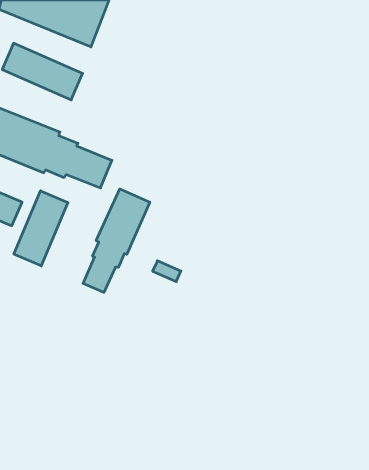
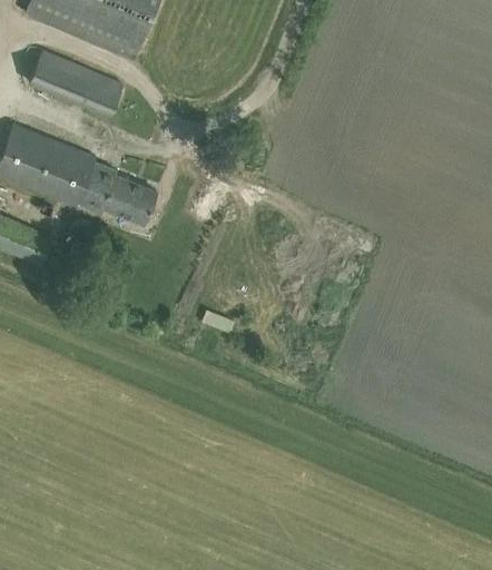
building: [83,189,150,292] -> none
building: [14,191,68,266] -> none

